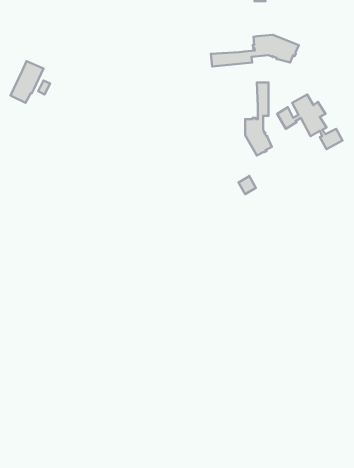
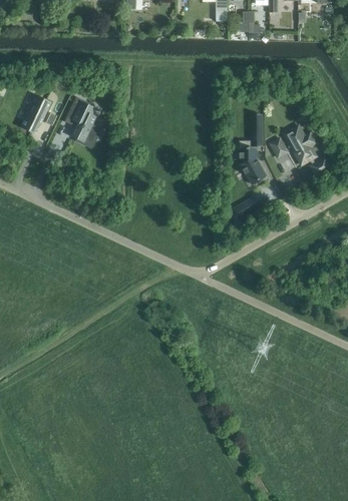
building: [211,35,299,66] -> none
building: none -> [68,96,100,141]

